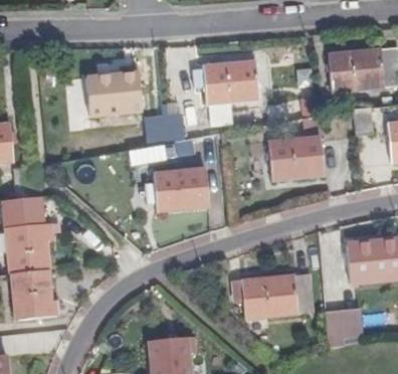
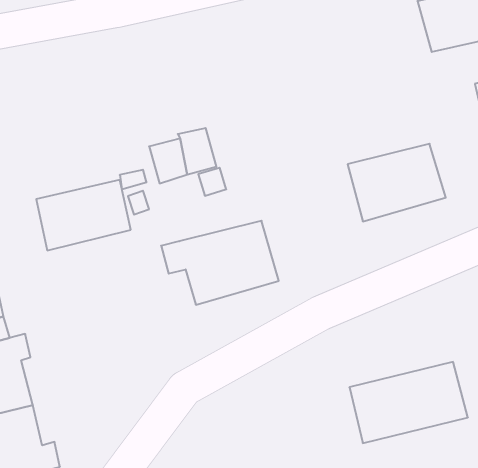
building: [189,55,255,98] -> none
building: [82,65,139,103] -> [36,180,131,250]

